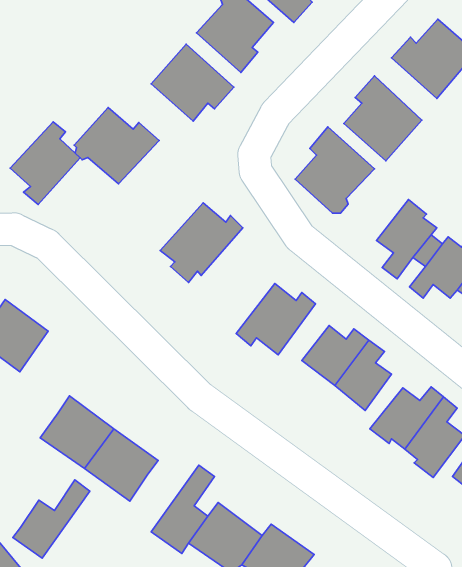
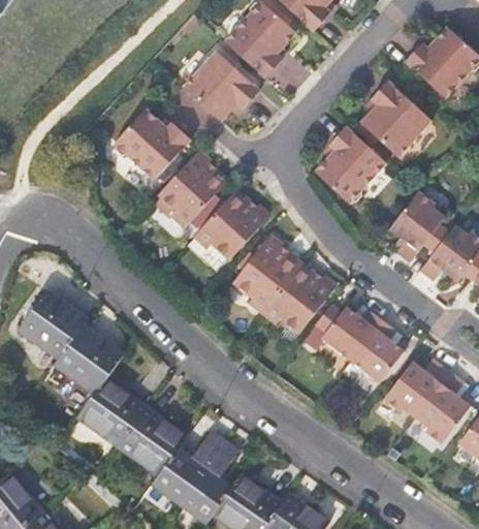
building: [10,122,80,205] -> [149,163,213,239]
building: none -> [231,238,295,315]
building: none -> [58,320,124,387]
building: [13,480,90,558] -> [156,425,226,496]

